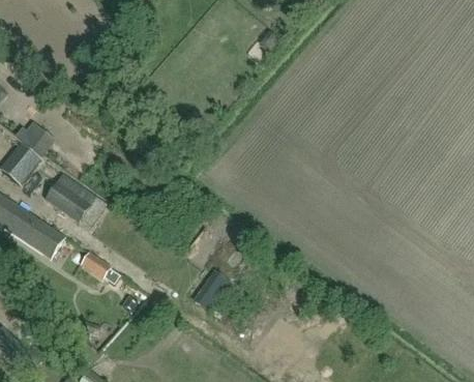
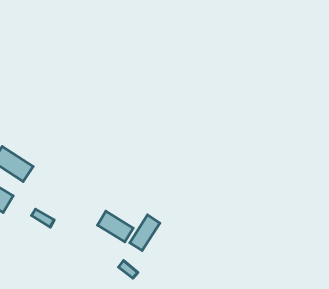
building: none -> [98,211,133,242]

